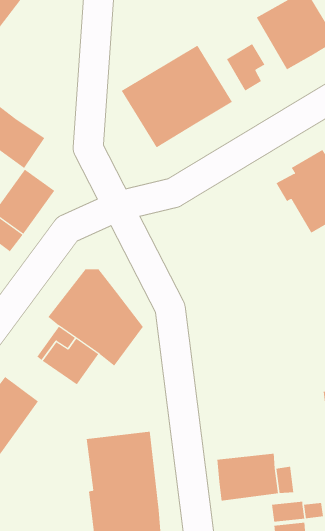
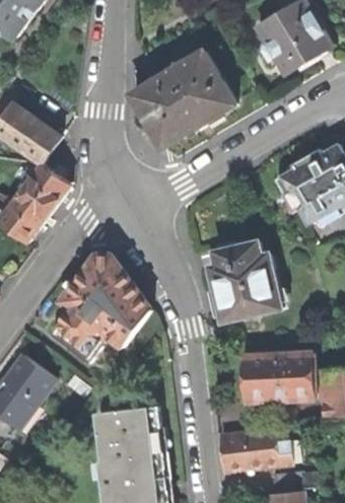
building: [226,43,265,92] -> none
building: none -> [208,240,280,320]
building: none -> [242,353,312,401]

